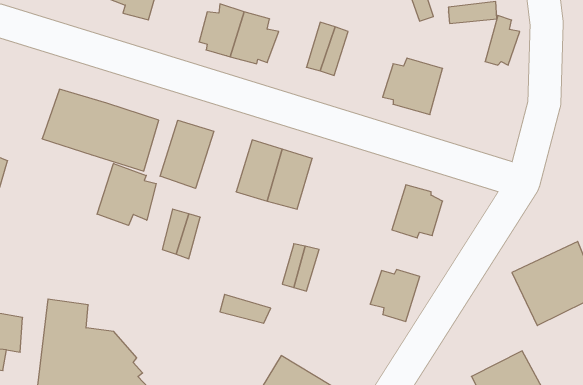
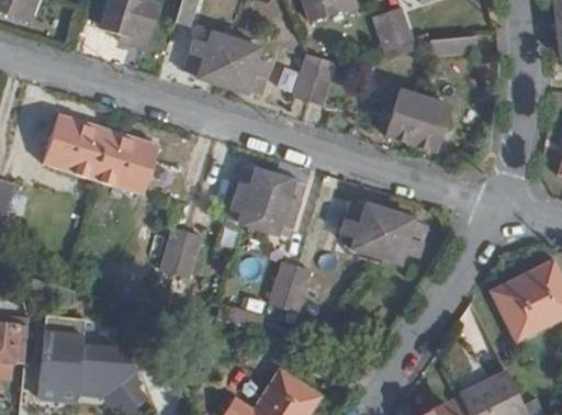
building: [485,15,520,65] -> [413,97,446,144]
building: [160,120,214,188] -> none
building: [97,163,156,225] -> none
building: [370,270,420,321] -> [342,201,390,250]

